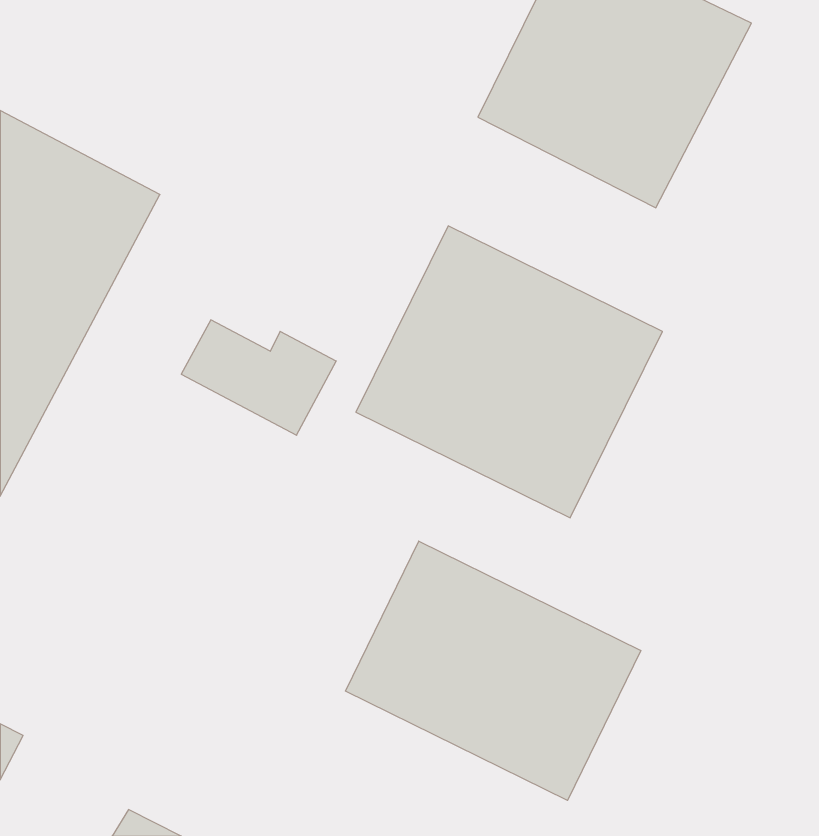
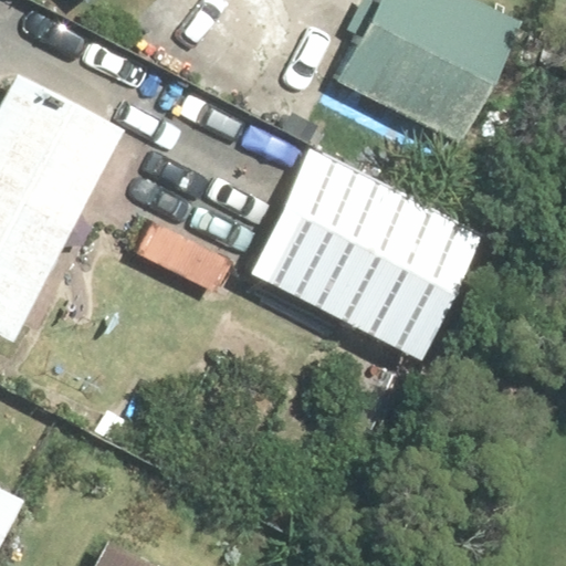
building: [346,541,641,800] -> none

